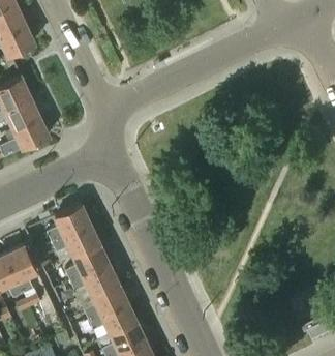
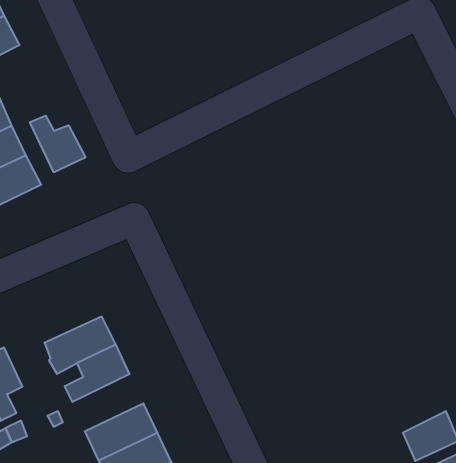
building: none -> [30,116,85,172]
building: [48,205,91,243] -> none
building: [64,264,119,302] -> none

